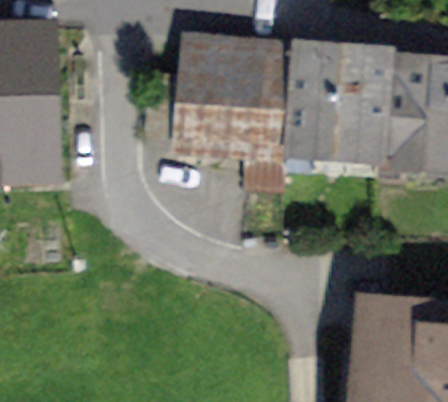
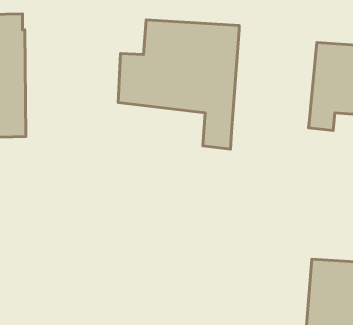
building: [286,44,389,169] -> none

